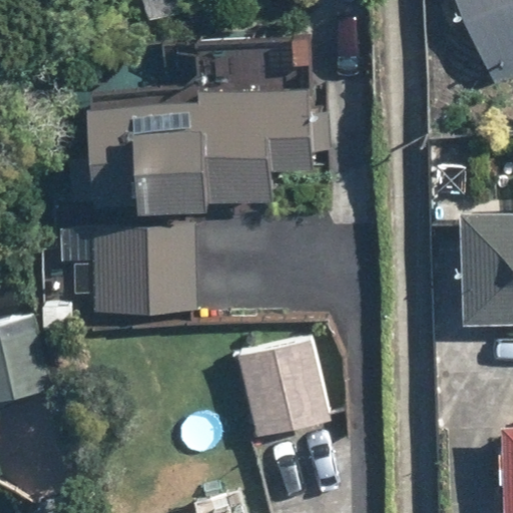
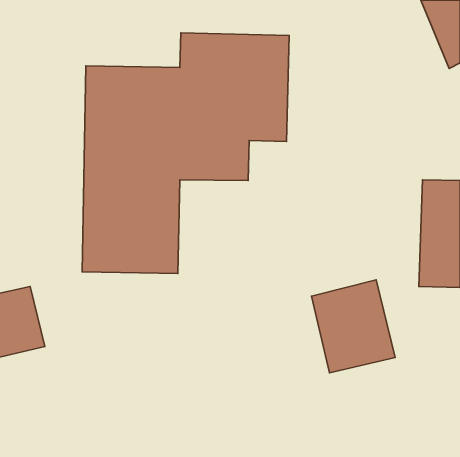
building: [237,339,330,441] -> [311,280,395,373]

